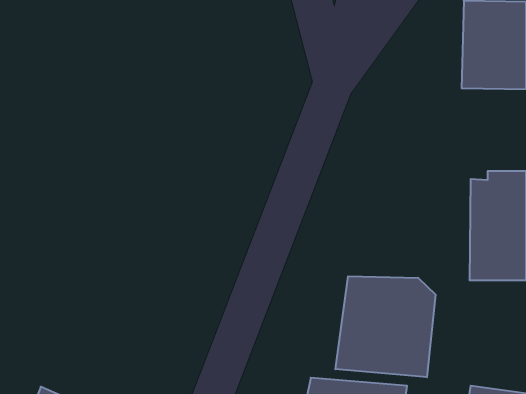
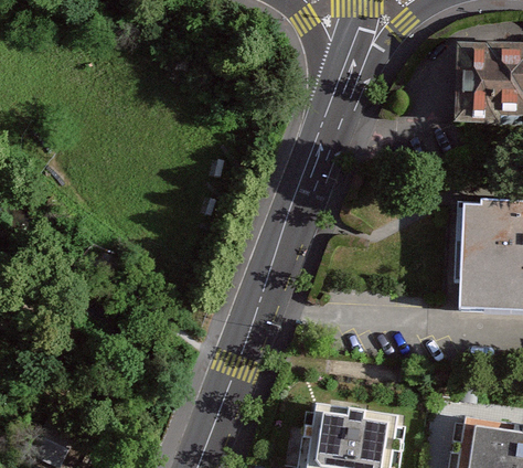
building: [335,276,436,377] -> none

